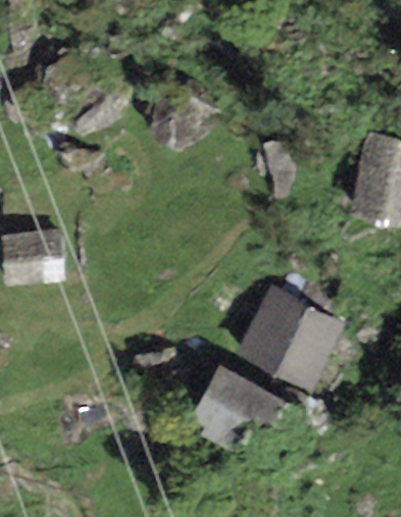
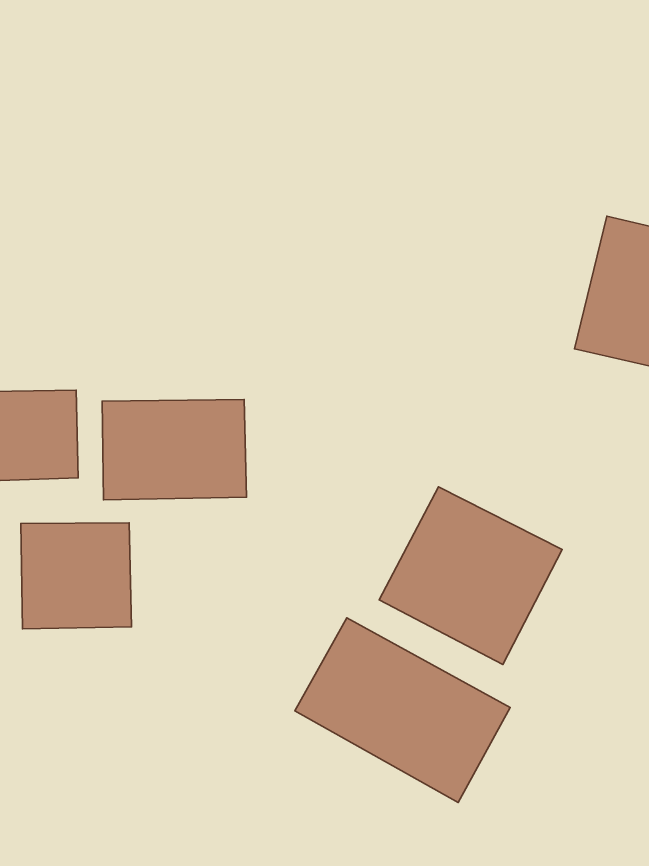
building: none -> [102,400,246,500]
building: none -> [21,523,131,629]

